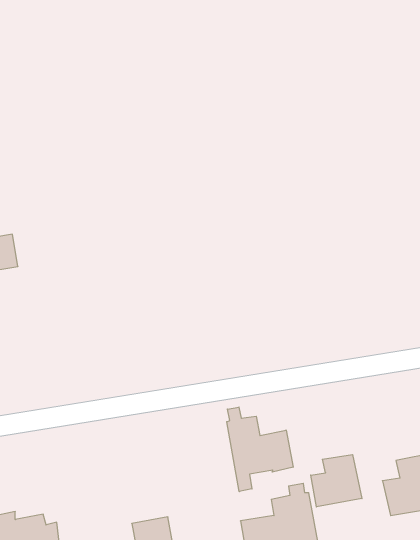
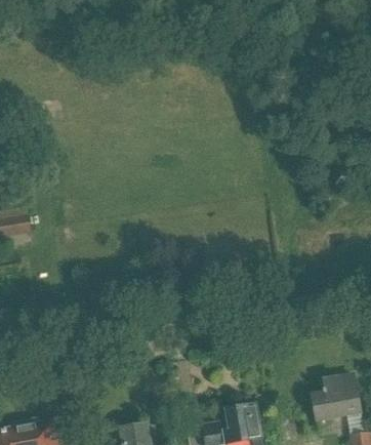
building: [227,407,293,492] -> none
building: [311,455,362,507] -> none

